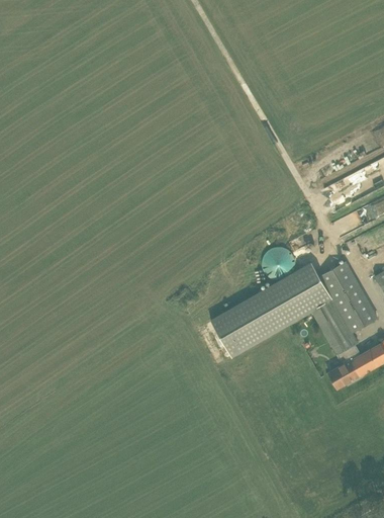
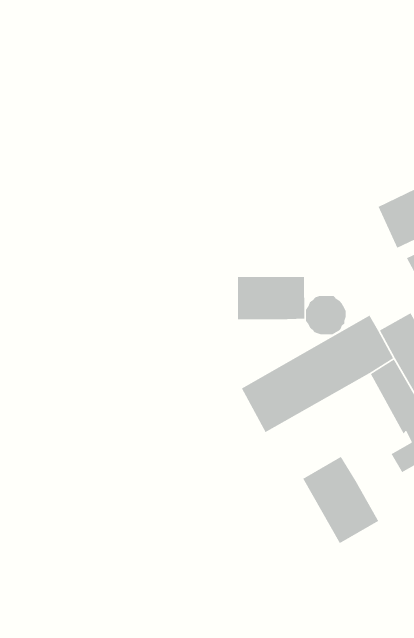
building: none -> [236,276,305,320]
building: none -> [302,456,380,544]

